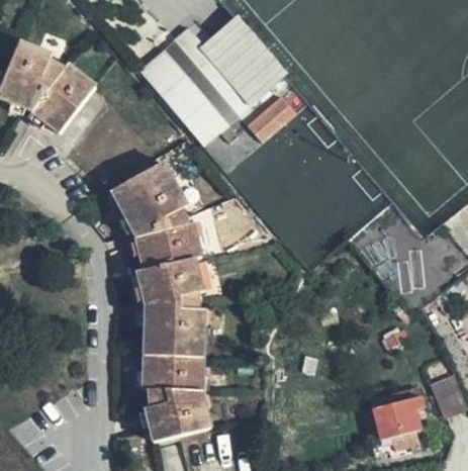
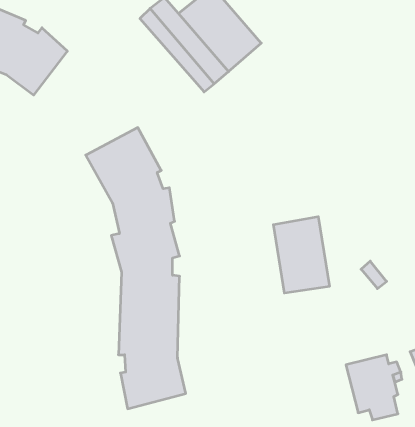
building: [141,53,238,148] -> none
building: [251,98,299,144] -> none
building: none -> [273,217,329,293]

